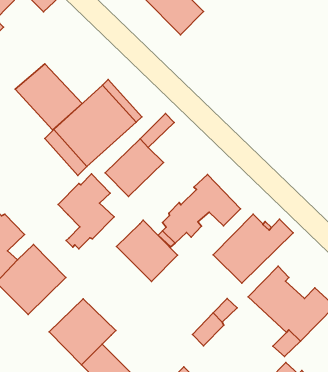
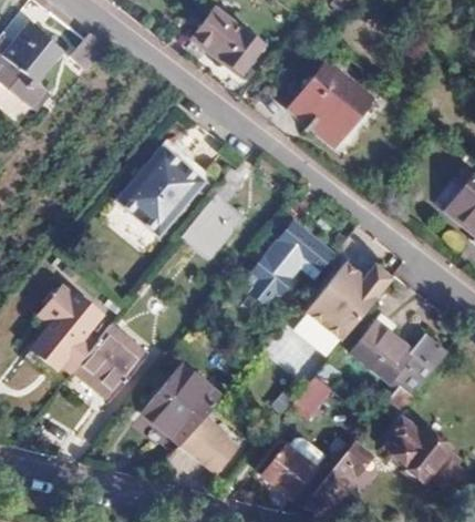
building: none -> [287,54,374,142]
building: [15,64,82,130] -> none
building: [58,174,114,249] -> none
building: [116,220,178,282] -> none

